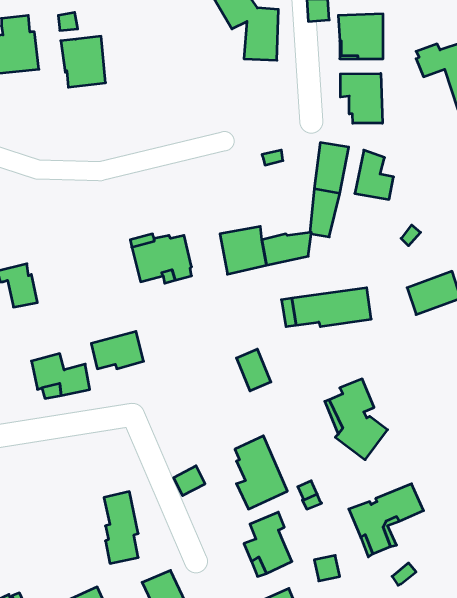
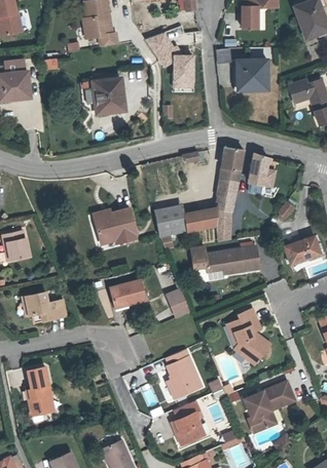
building: [61,36,106,87] -> [93,78,123,113]
building: [340,73,382,123] -> none
building: [91,331,144,369] -> [110,279,146,305]
building: [104,492,138,563] -> [28,366,51,416]

